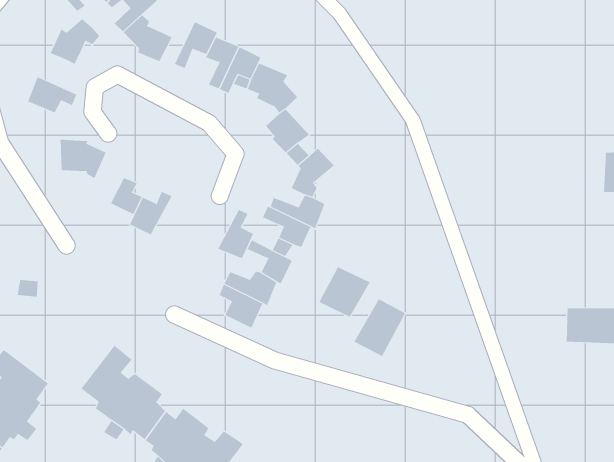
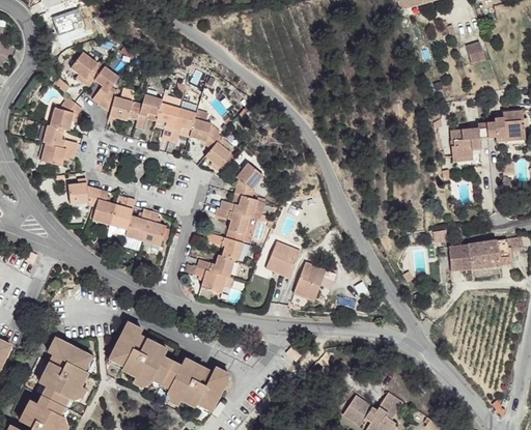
building: none -> [43,125,77,152]
building: none -> [93,190,116,225]
building: [217,209,254,259] -> [142,212,166,247]

